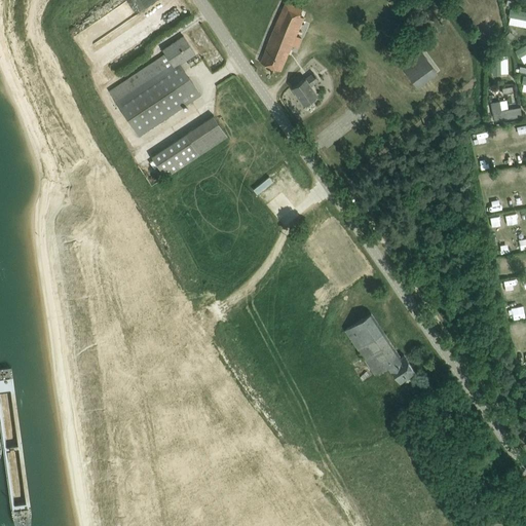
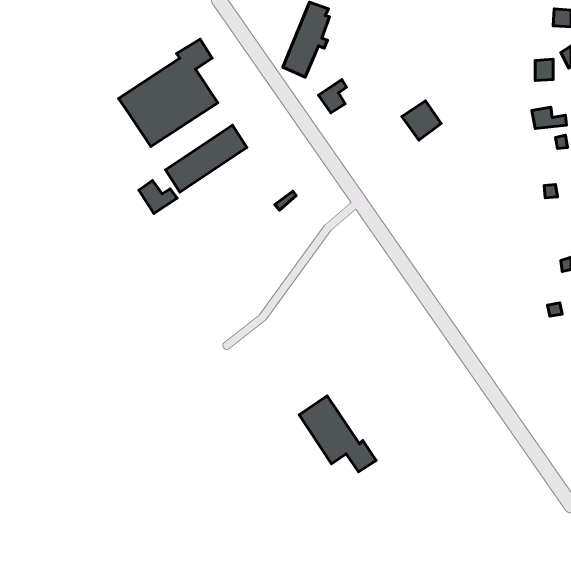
building: [400,51,436,87] -> [402,101,441,140]
building: none -> [139,180,177,213]
building: [345,313,416,383] -> [299,396,376,472]

